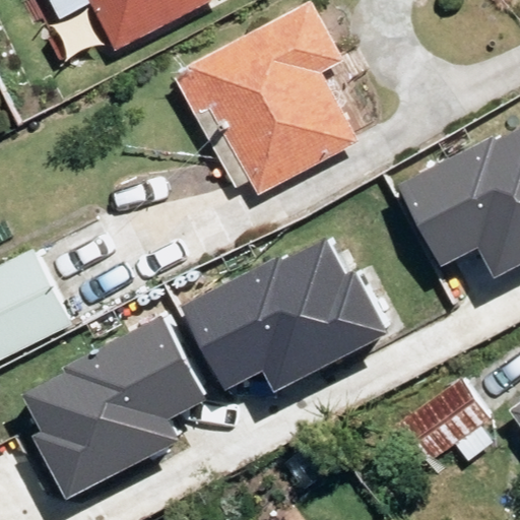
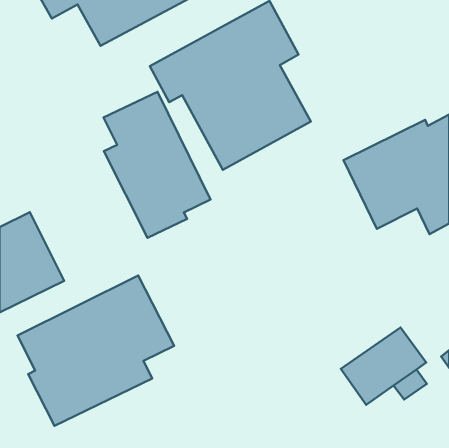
building: none -> [104,92,211,238]
building: [182,242,385,389] -> none

